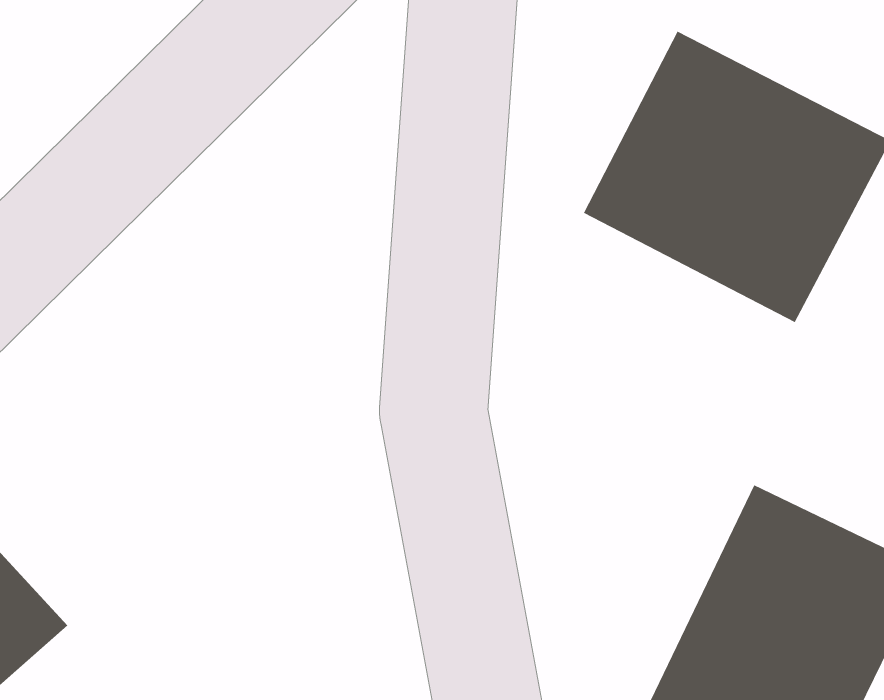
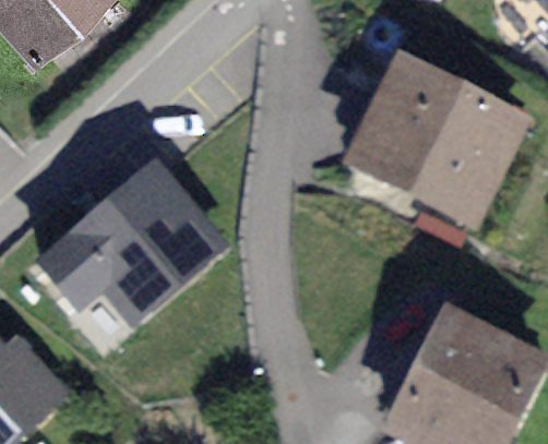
building: none -> [47,163,221,317]

